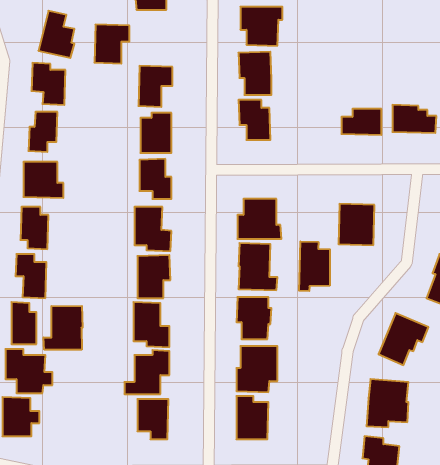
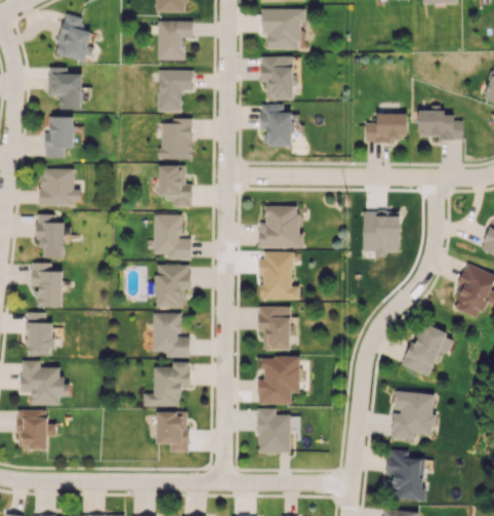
building: [94,25,129,64] -> [157,21,193,61]
building: [299,241,330,291] -> none
building: [44,306,82,350] -> none

